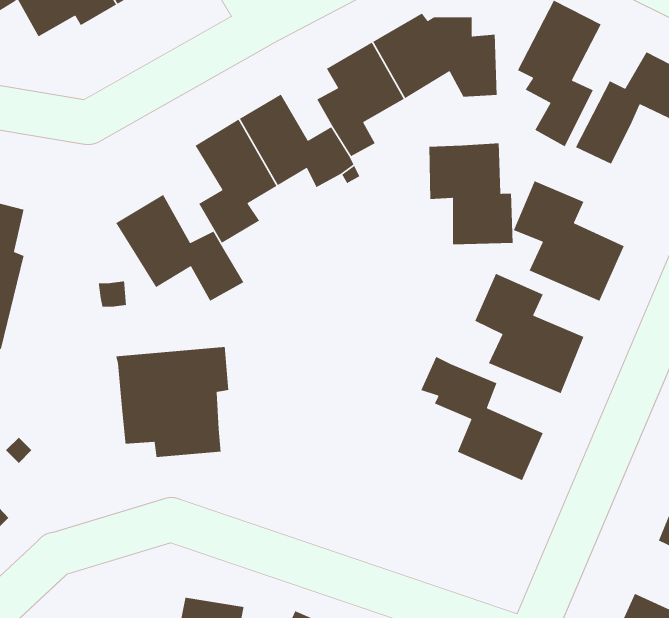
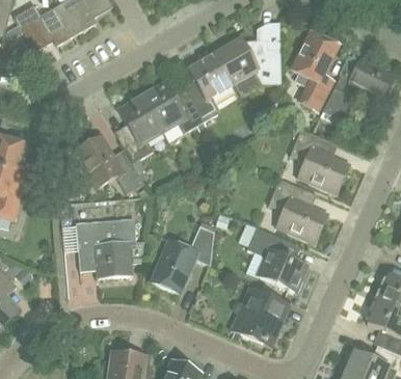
building: [428,143,513,245] -> none
building: none -> [151,224,214,293]
building: none -> [232,290,285,343]

